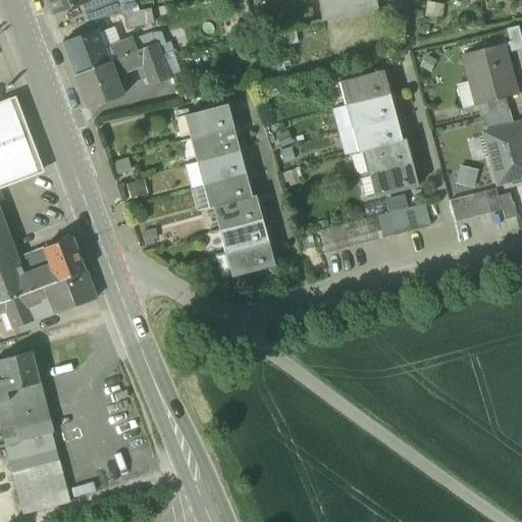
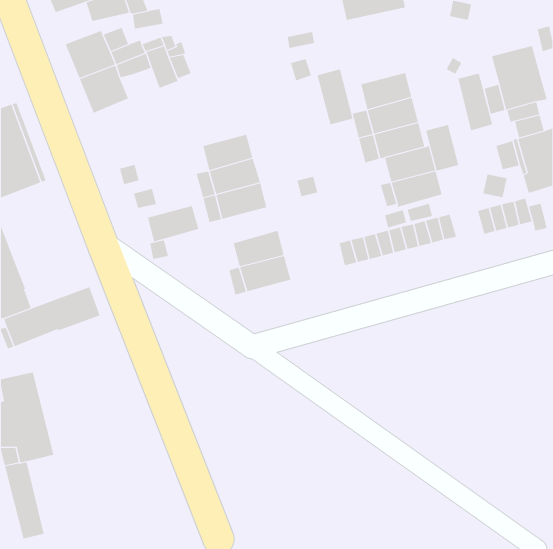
building: none -> [317,69,353,125]
building: none -> [458,73,493,131]
building: [184,103,232,138] -> none
building: none -> [426,124,459,171]
building: [213,195,262,229] -> [147,206,199,242]
building: [17,236,85,291] -> none
building: [25,429,67,504] -> none

